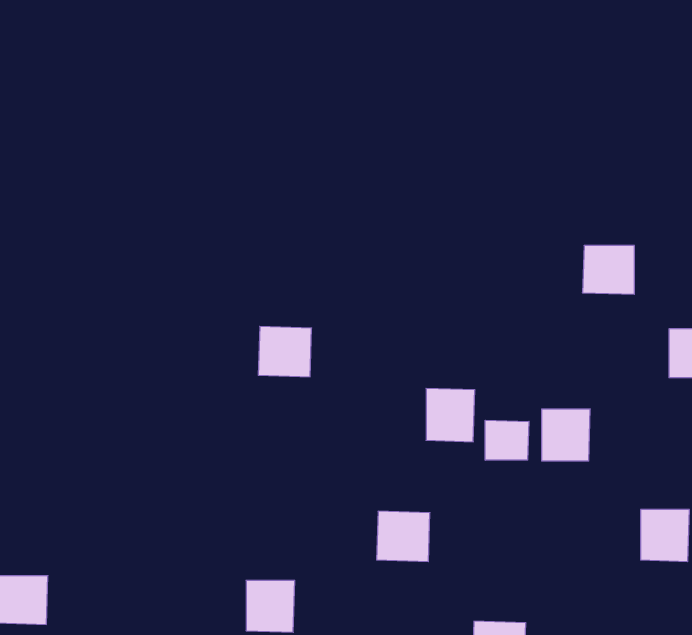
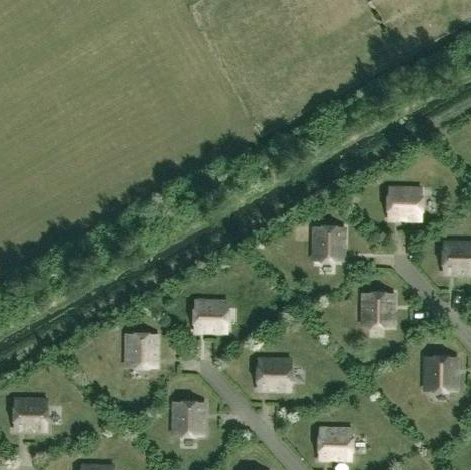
building: [258,326,312,377] -> [194,299,228,331]
building: [426,388,475,442] -> [313,225,344,260]
building: [485,420,529,460] -> none
building: none -> [126,333,157,366]

